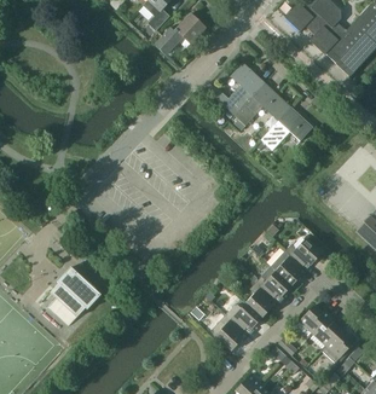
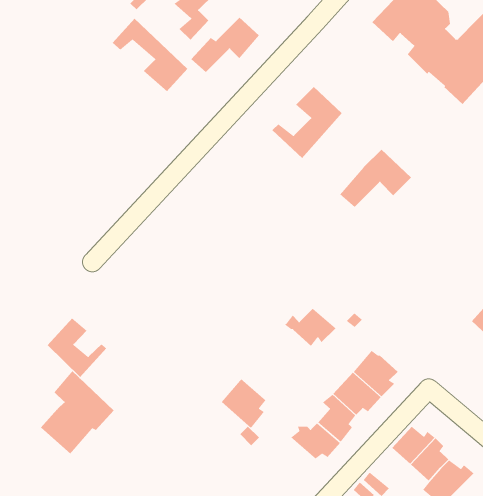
building: none -> [112,18,188,92]
building: [235,82,291,124] -> none
building: none -> [47,317,107,378]
building: [284,239,322,267] -> [284,308,336,347]
building: [212,314,244,350] -> [221,378,267,429]

